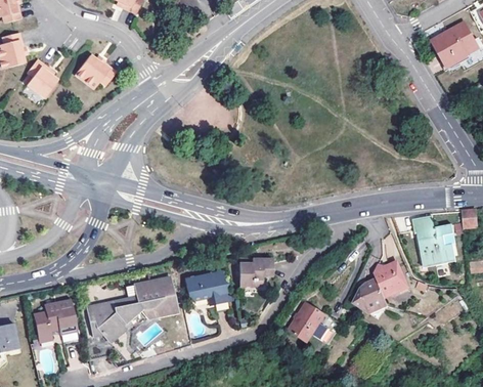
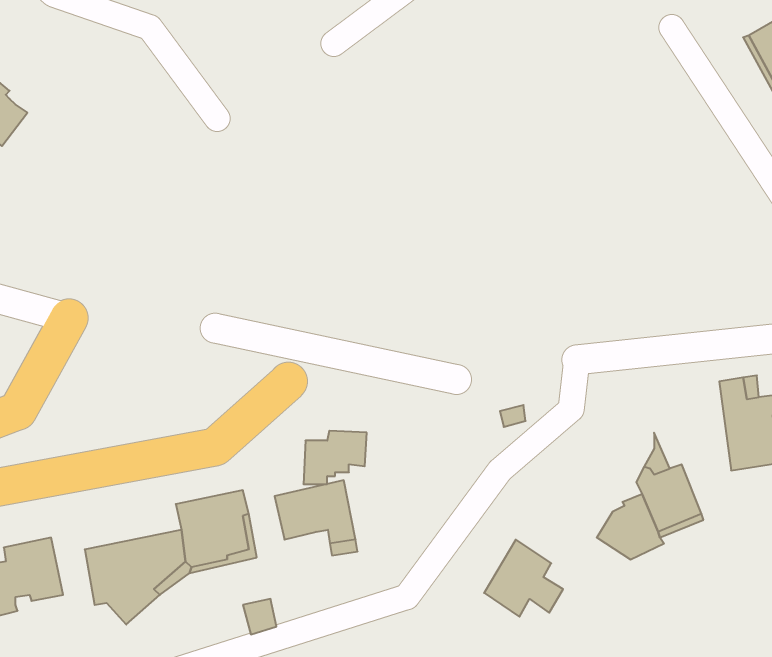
building: [75,52,115,86] -> none
building: [237,259,270,287] -> [303,431,367,484]

